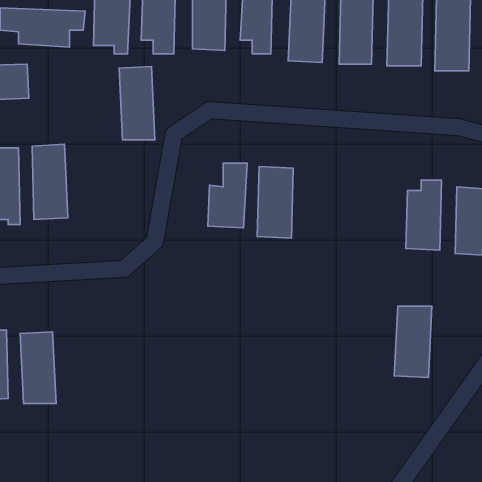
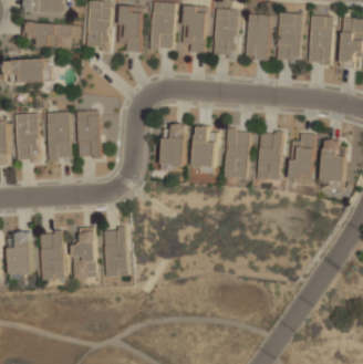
building: [119,67,155,140] -> [76,111,100,158]
building: none -> [225,131,249,178]
building: [394,306,432,378] -> [258,134,282,180]
building: none -> [73,228,96,279]
building: none -> [105,230,126,277]

